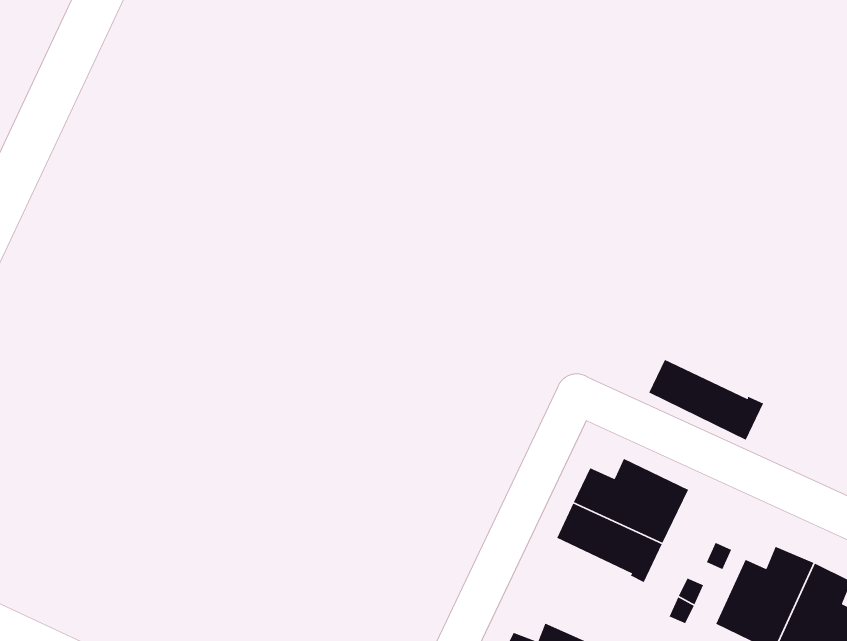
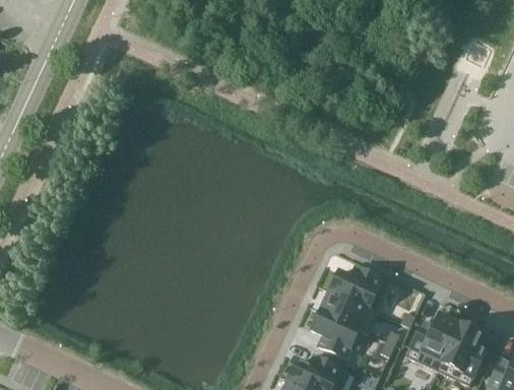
building: [648,359,764,441] -> none
building: none -> [310,310,360,359]

